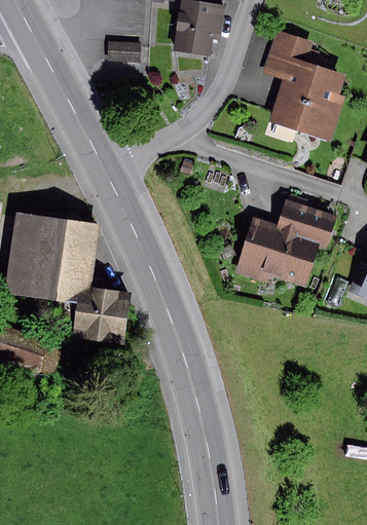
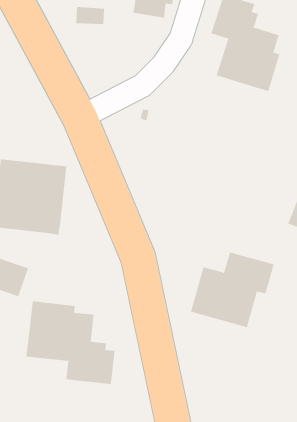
building: [238,199,335,287] -> [190,252,274,328]
building: [69,288,127,343] -> none
building: none -> [26,301,115,385]

